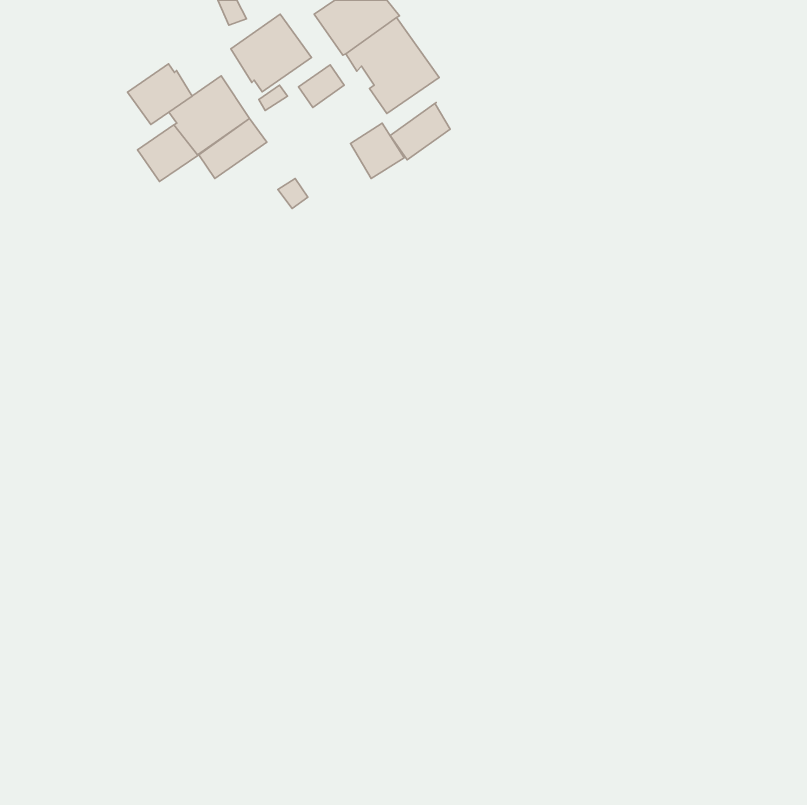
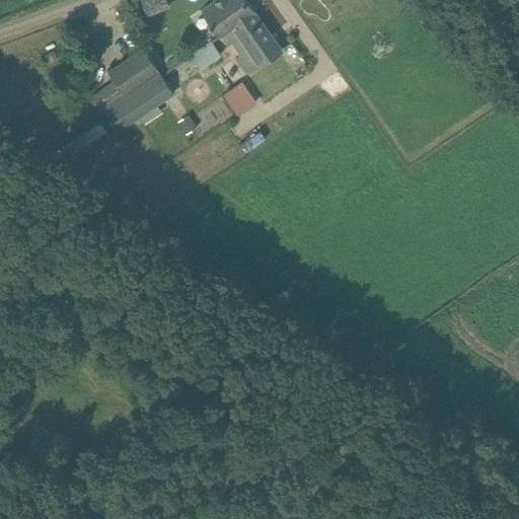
building: [231,14,312,92] -> none
building: [127,64,192,125] -> none
building: [390,102,450,160] -> none

